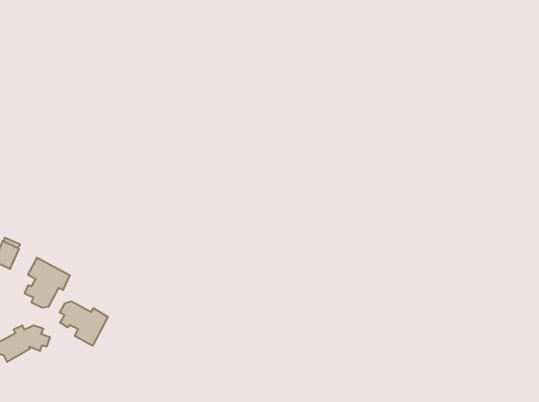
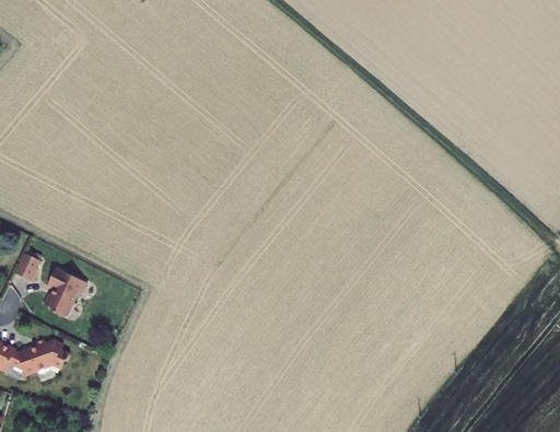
building: [60,301,108,346] -> none

